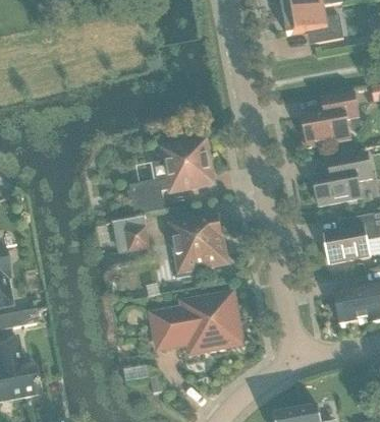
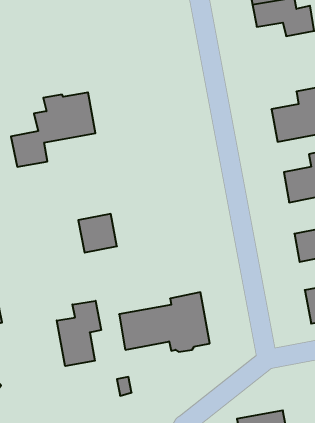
building: [129,140,212,213] -> [11,92,95,167]
building: [171,214,227,275] -> none
building: none -> [57,301,101,366]

